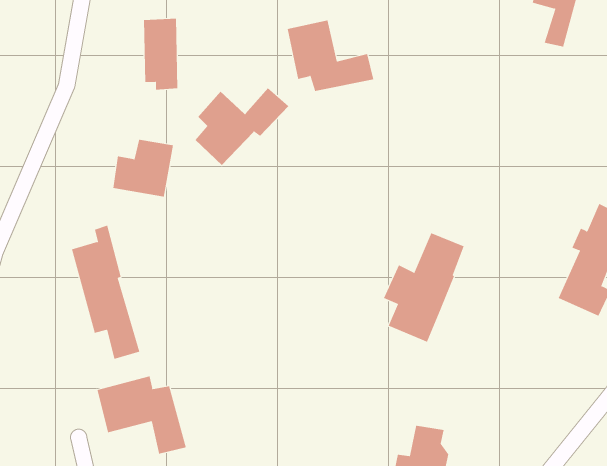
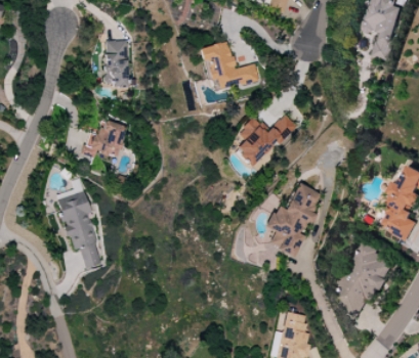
building: [194,88,289,166] -> [235,115,298,167]
building: none -> [342,241,392,314]
building: [97,375,186,455] -> none

